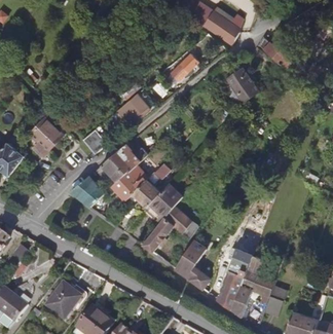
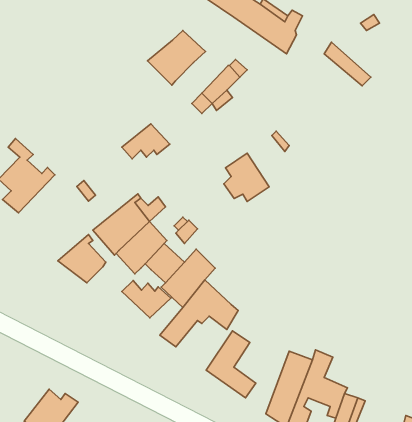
building: none -> [147,30,205,85]
building: [225,68,257,102] -> [224,153,269,201]
building: none -> [122,280,171,318]

